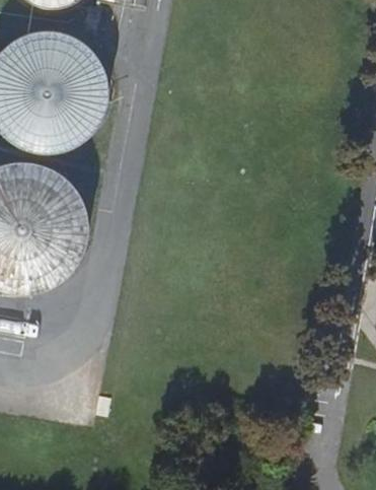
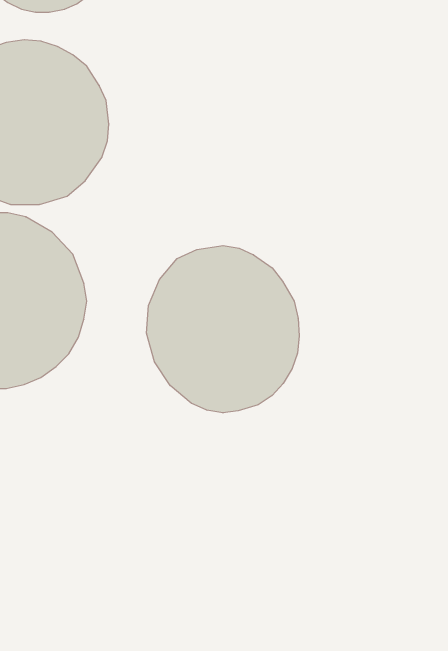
building: none -> [147,246,299,413]

